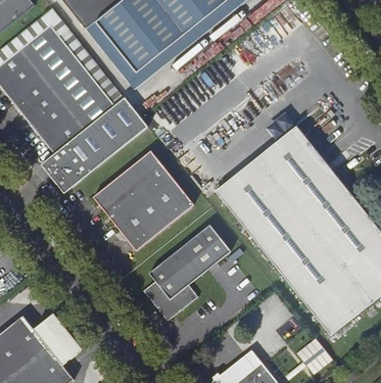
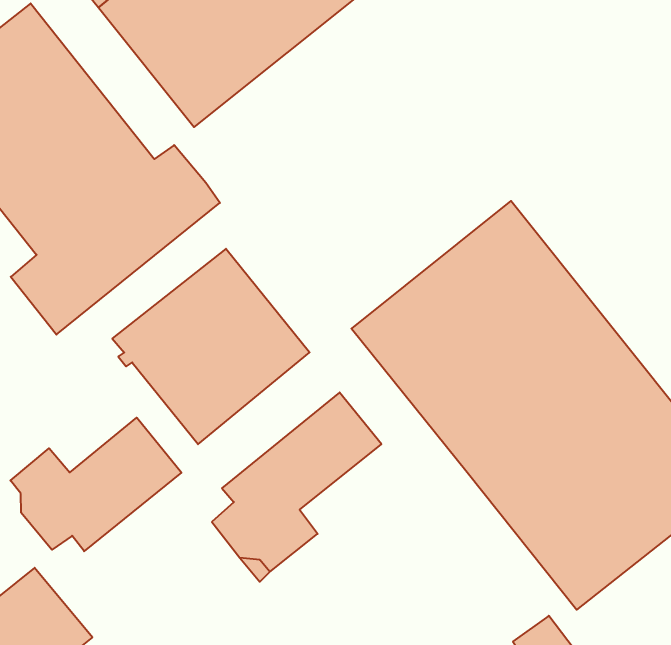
building: none -> [10,418,181,551]

